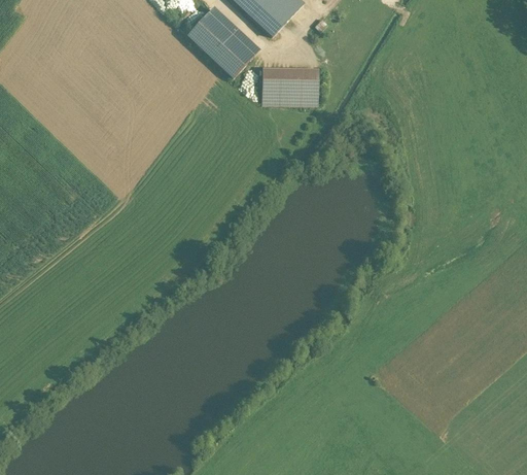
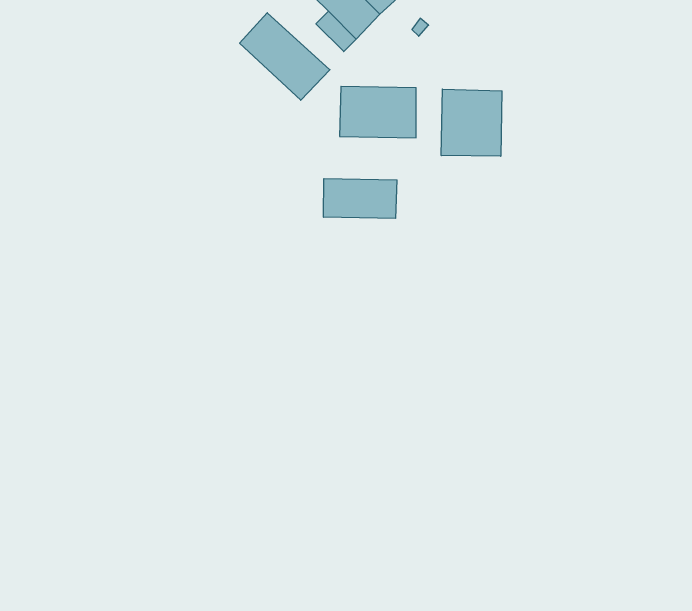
building: none -> [441,89,502,156]
building: none -> [324,179,397,218]

